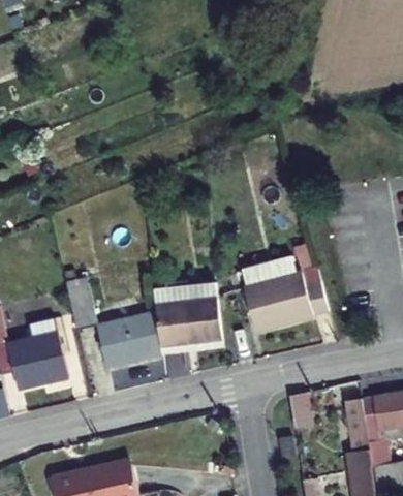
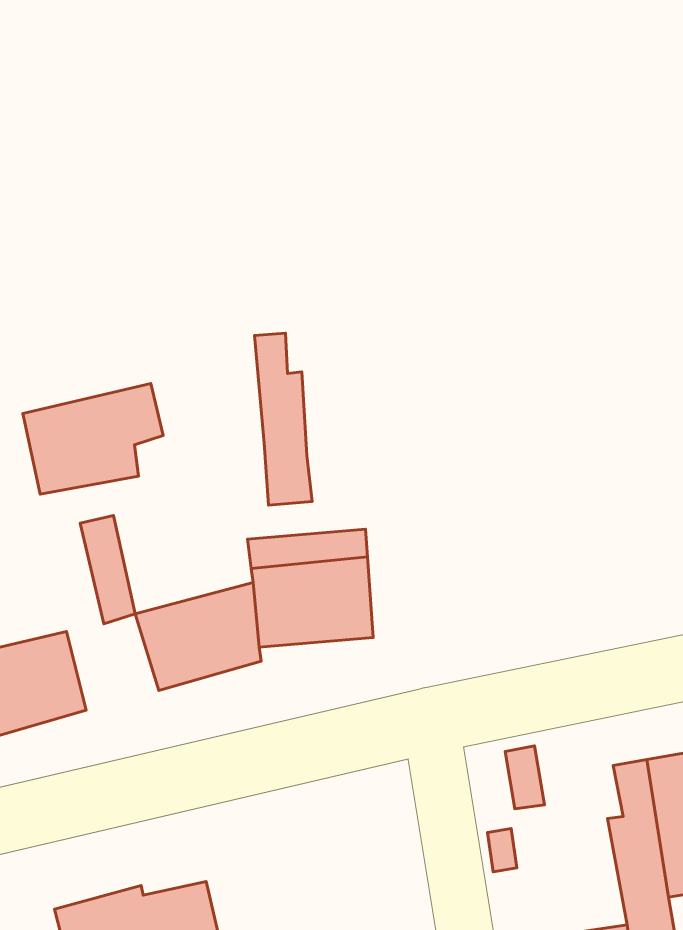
building: none -> [254,333,312,505]
building: none -> [23,384,163,494]
building: [241,255,324,321] -> none

